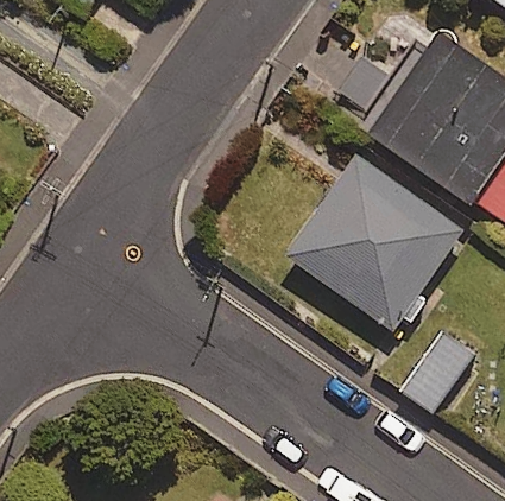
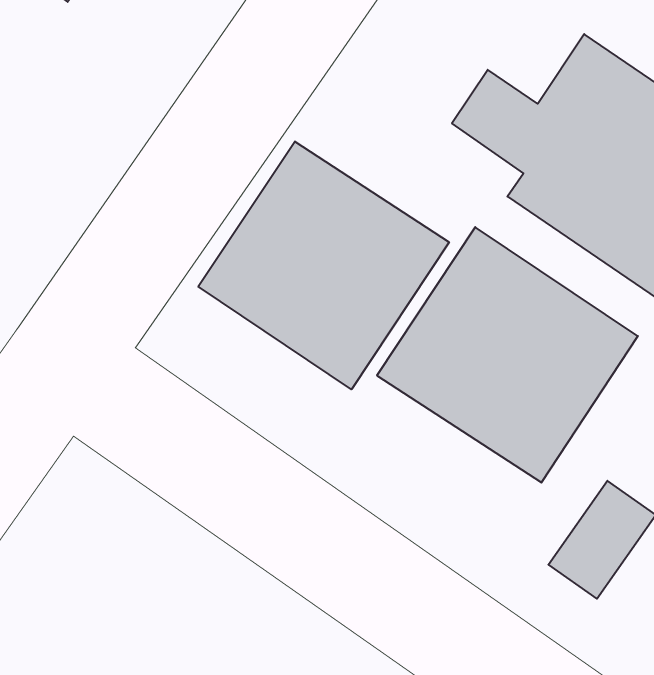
building: none -> [198,141,449,389]

